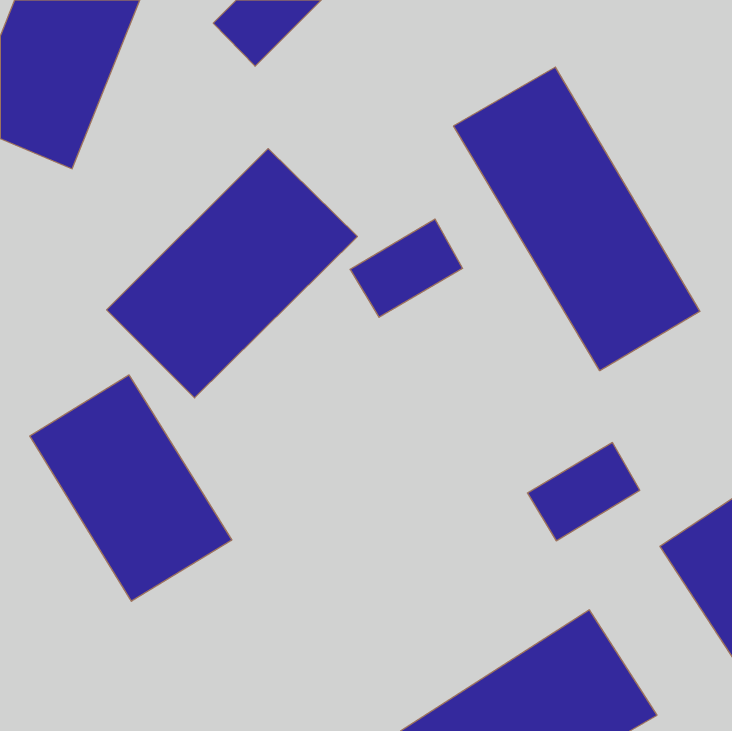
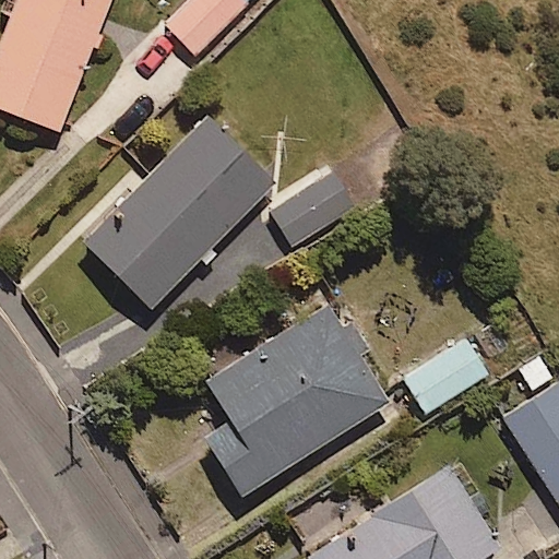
building: [454,67,700,371] -> none
building: [30,375,232,601] -> none
building: none -> [206,305,388,490]

